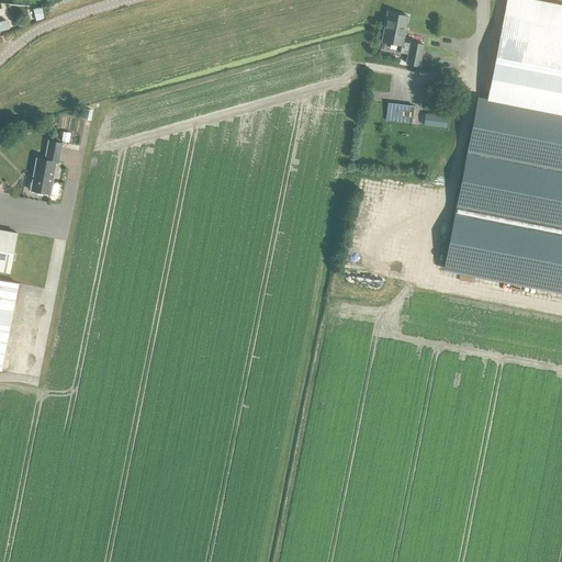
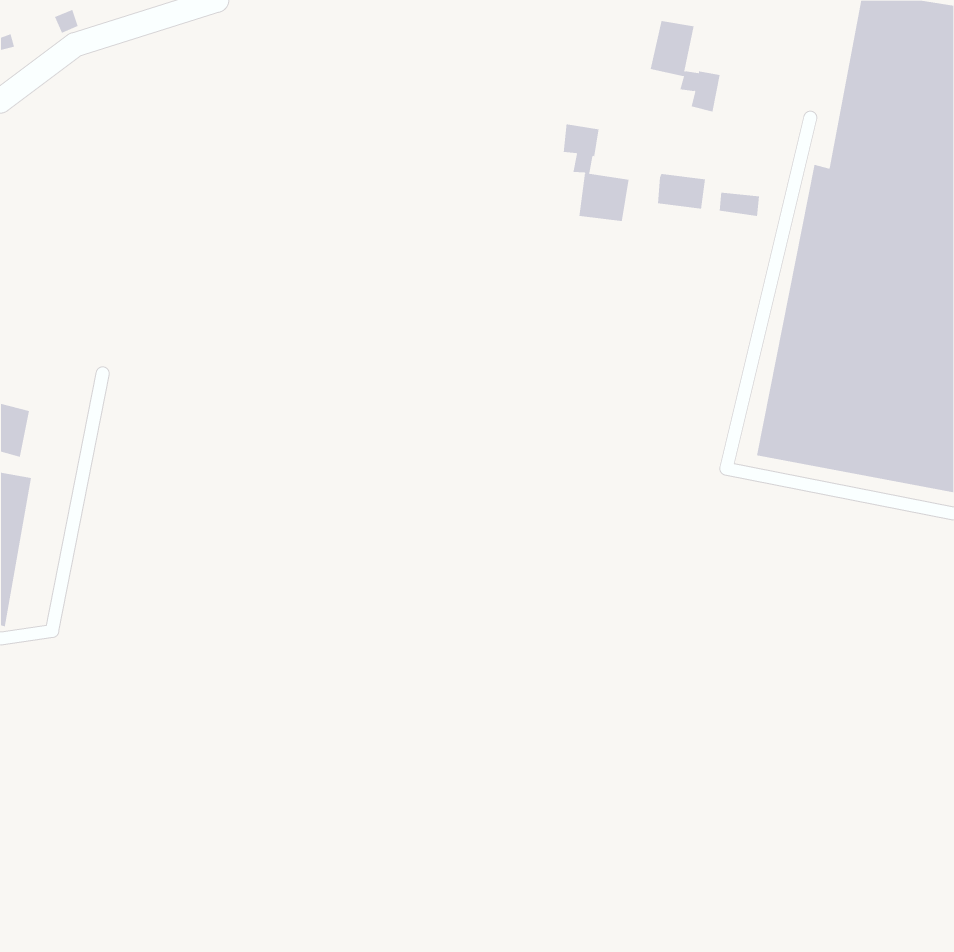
building: none -> [563,123,629,222]
building: [31,142,61,193] -> none

